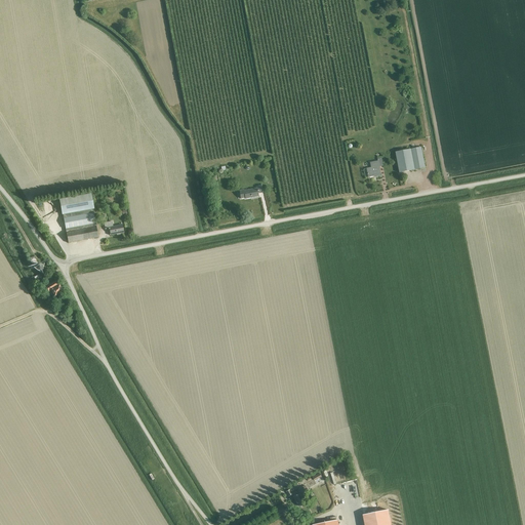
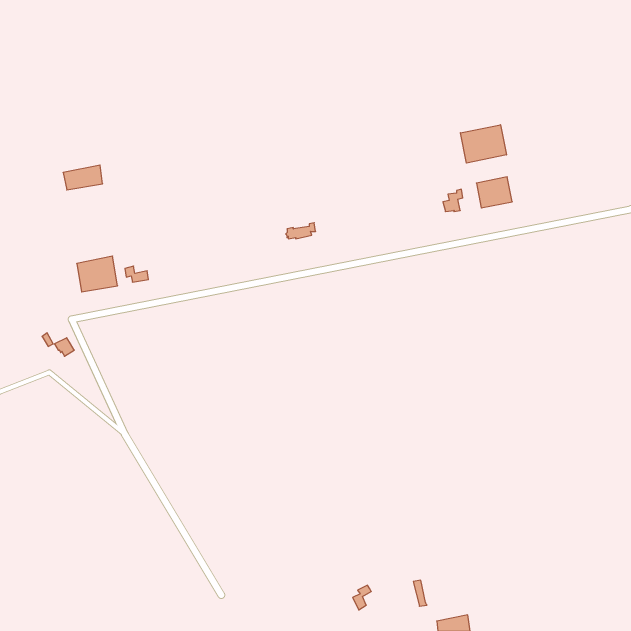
building: none -> [460,125,506,163]
building: [59,193,92,213] -> [63,165,103,190]

